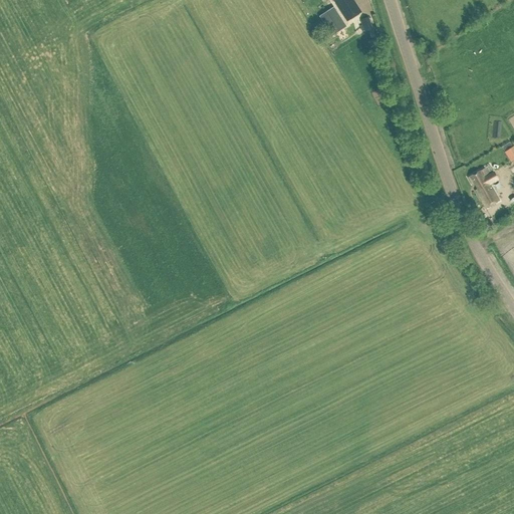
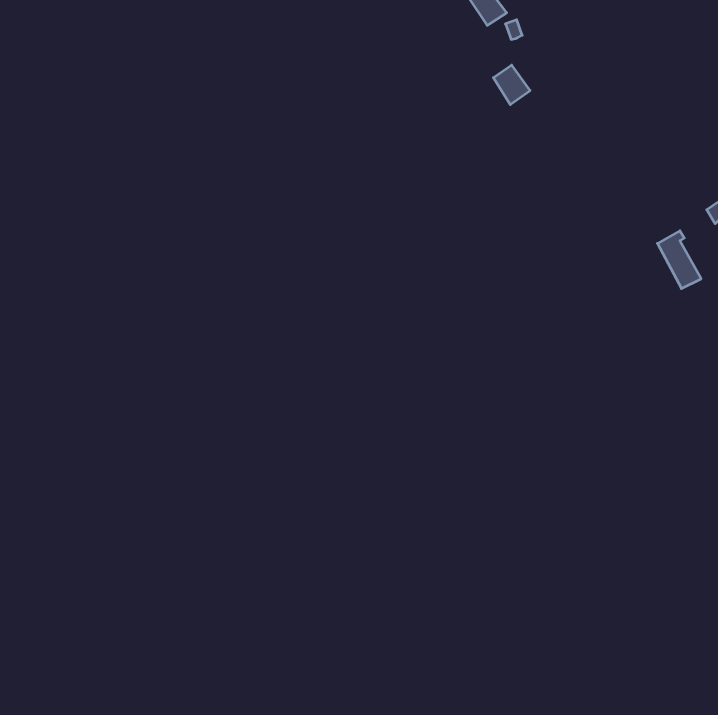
building: [321,4,347,32] -> [493,65,530,105]

